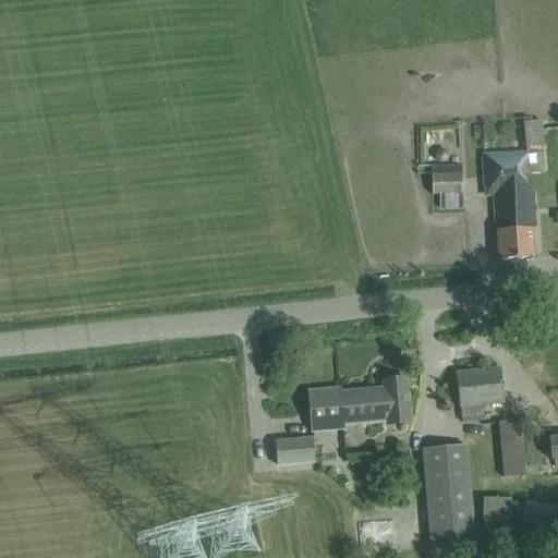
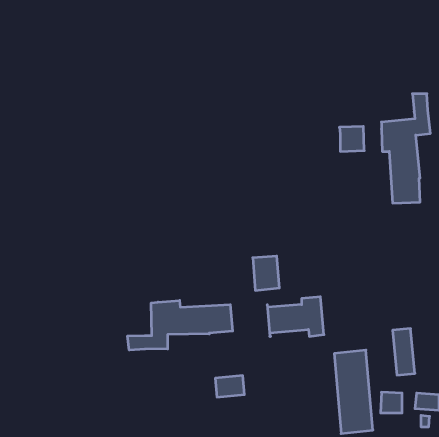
building: [456,365,504,420] -> none
building: none -> [128,300,233,350]
building: [308,386,342,429] -> [253,256,279,290]
building: [276,436,313,463] -> [215,376,244,397]

